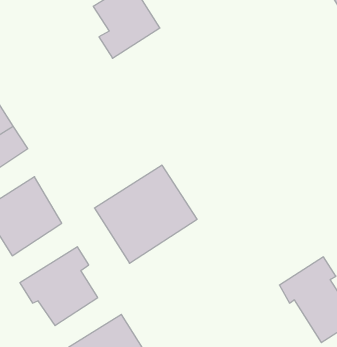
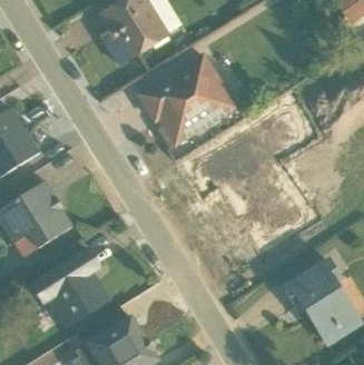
building: [94,165,197,263] -> [137,52,238,149]

